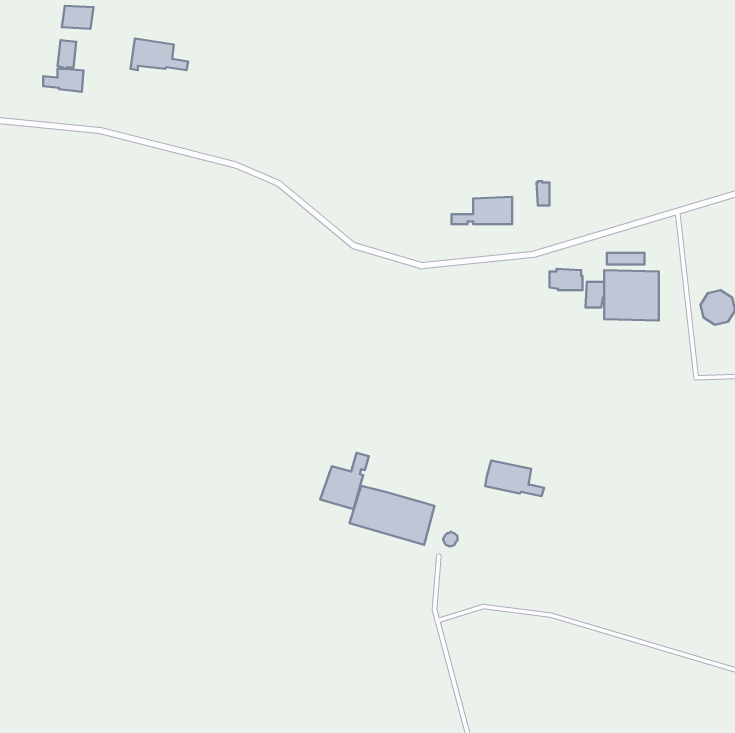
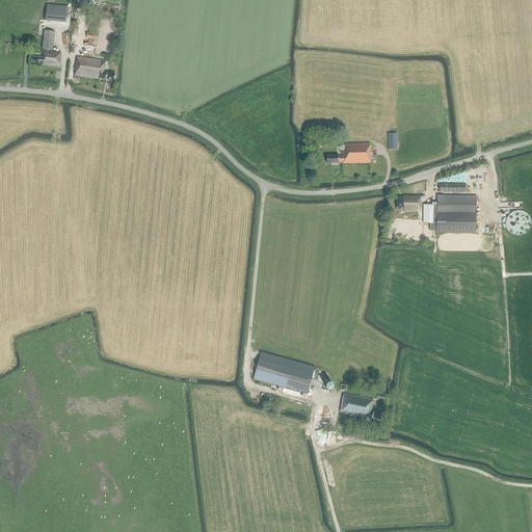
building: [131,39,188,70] -> [74,56,115,79]
building: [320,453,369,509] -> none
building: [485,460,544,496] -> [340,393,382,419]

